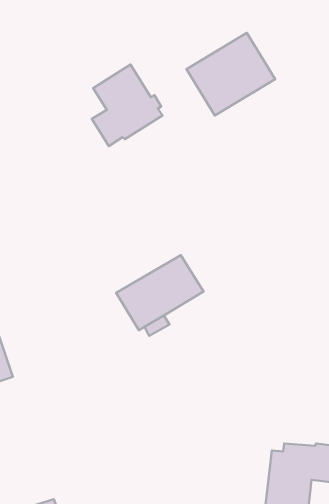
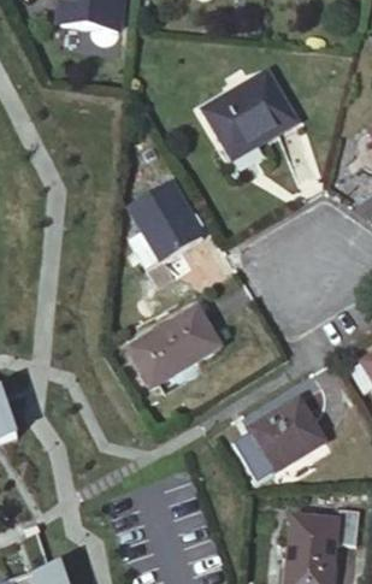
building: [92,64,162,146] -> [126,181,201,267]
building: none -> [247,395,324,470]

